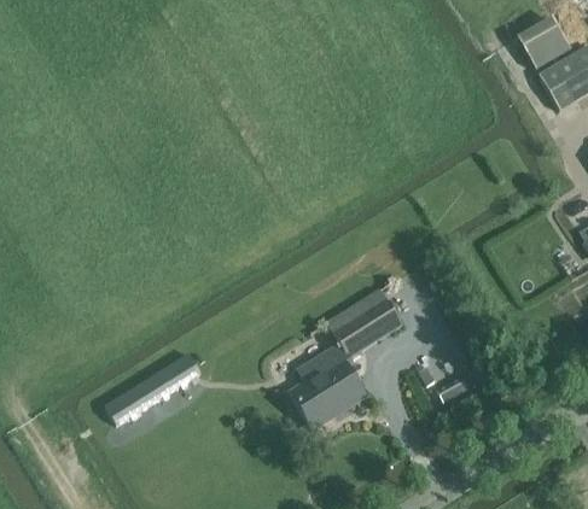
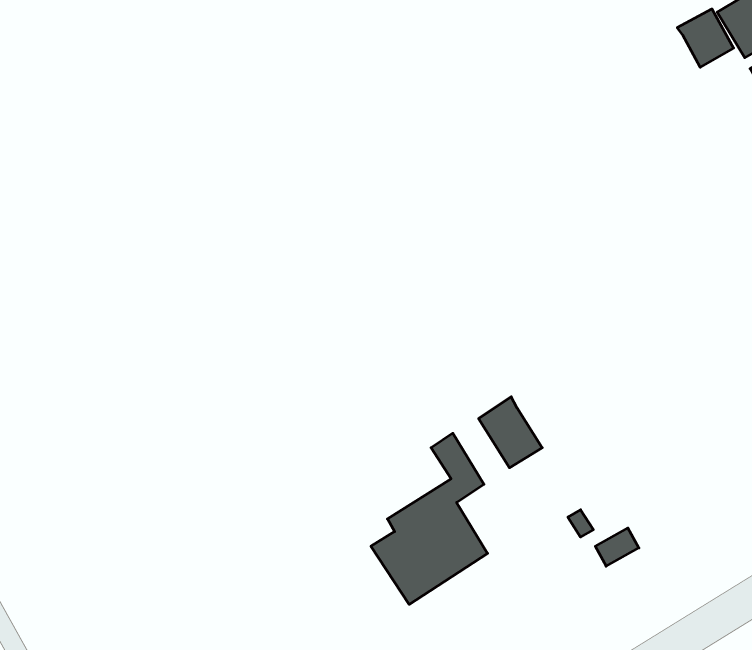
building: none -> [677,9,734,67]
building: [105,352,202,423] -> none

